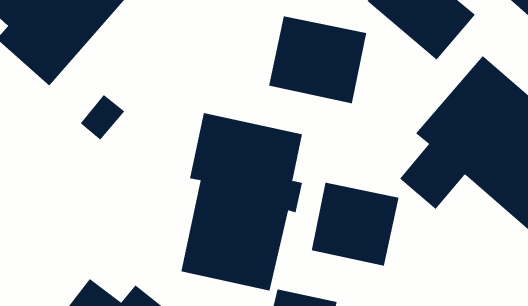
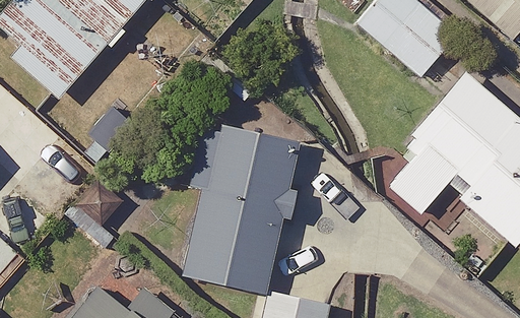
building: [268,16,367,104] -> none
building: [311,182,399,267] -> none

